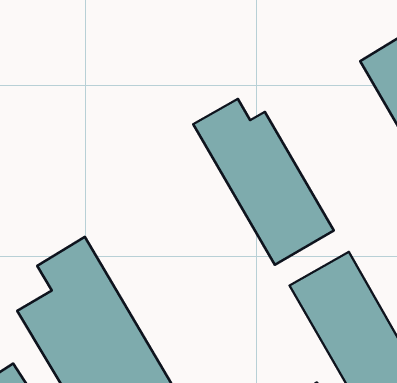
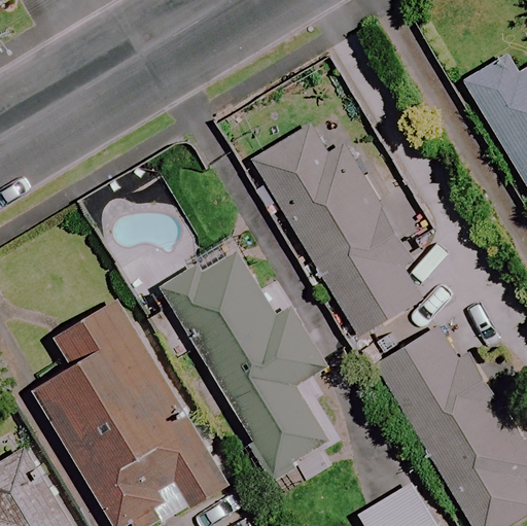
building: none -> [167,254,328,476]

